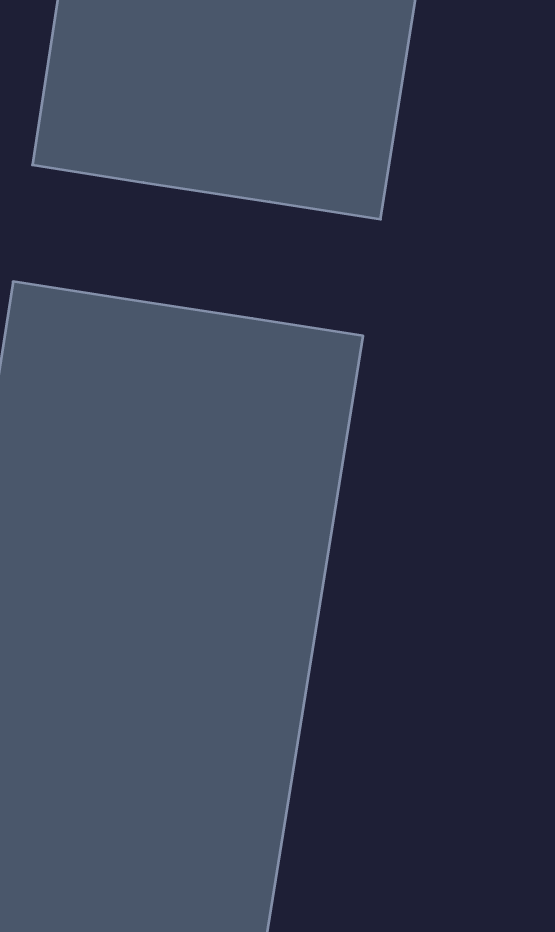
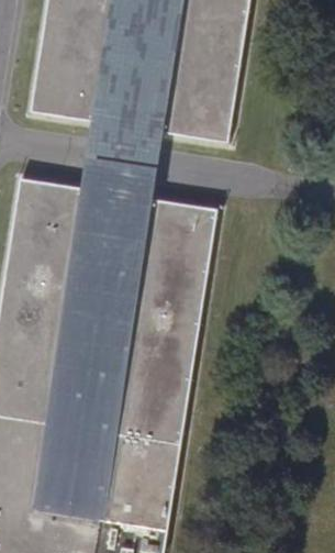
building: none -> [88,124,164,166]
building: none -> [82,161,158,201]

